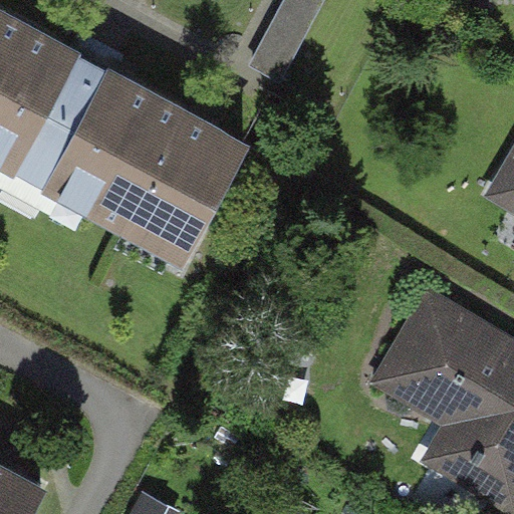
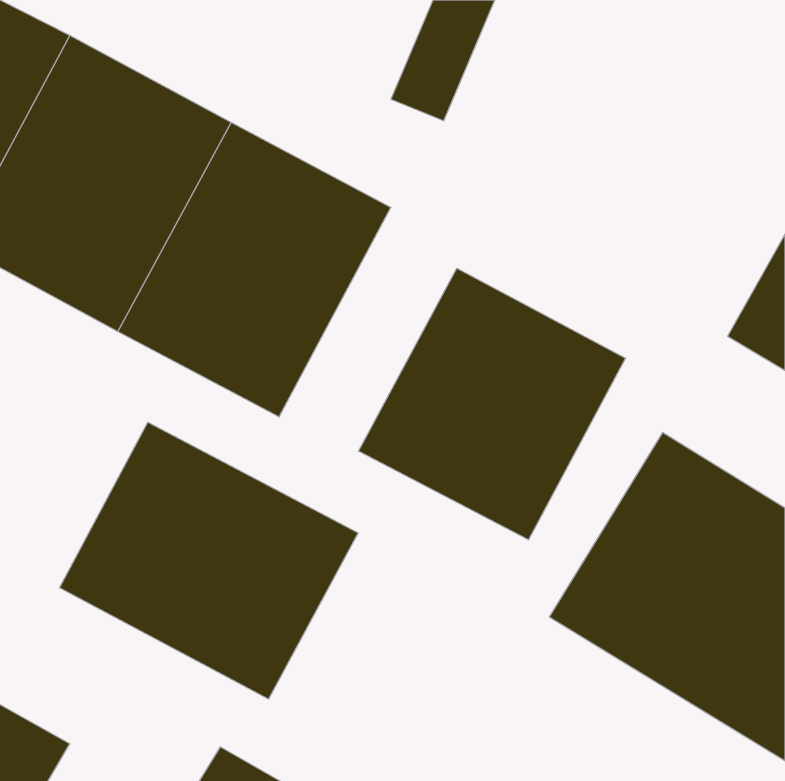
building: none -> [359,268,626,540]
building: none -> [60,422,358,699]

